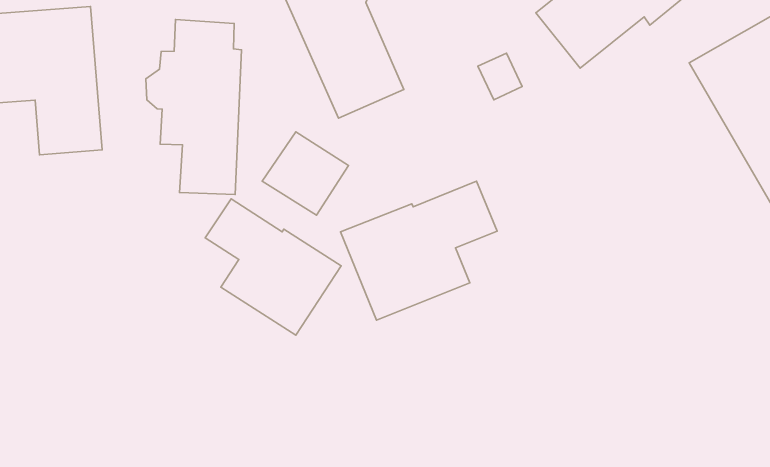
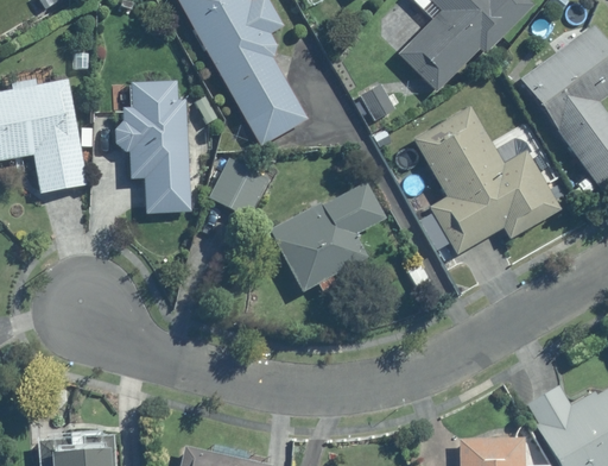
building: none -> [413,106,560,253]
building: [205,199,341,335] -> none

